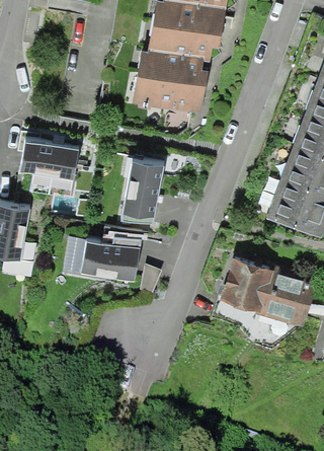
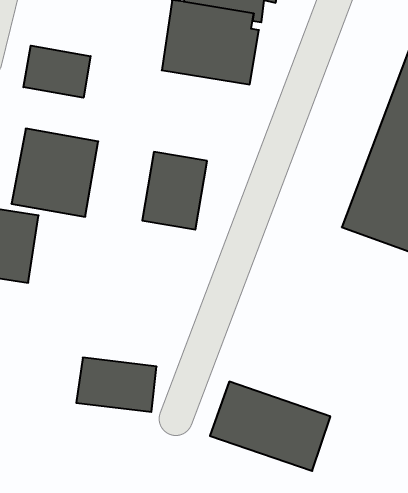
building: none -> [23,46,91,98]
building: [78,240,141,283] -> [76,358,157,412]
building: [220,257,314,327] -> [210,382,330,471]

